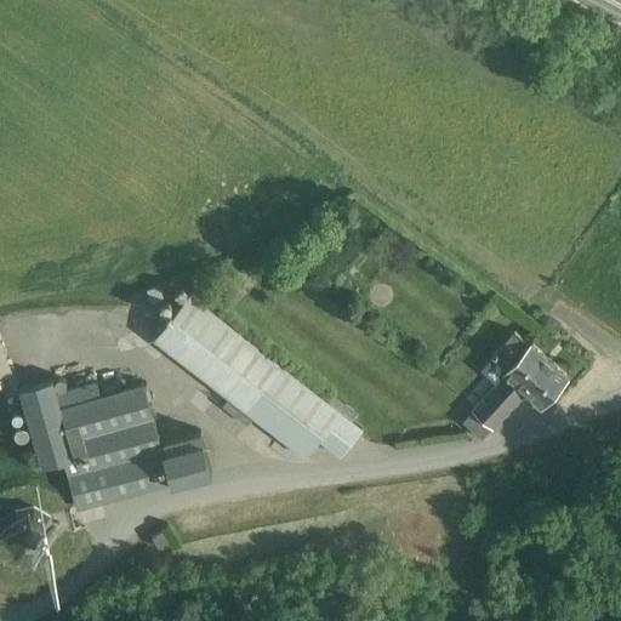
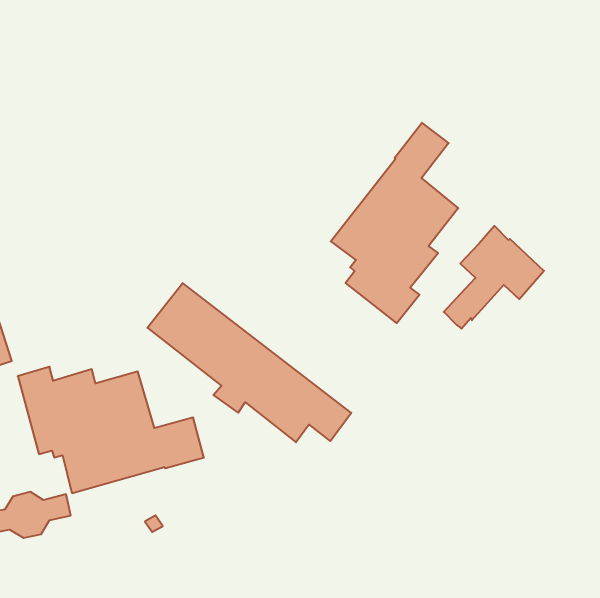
building: none -> [331,123,458,323]
building: [461,335,564,440] -> [444,226,544,329]

